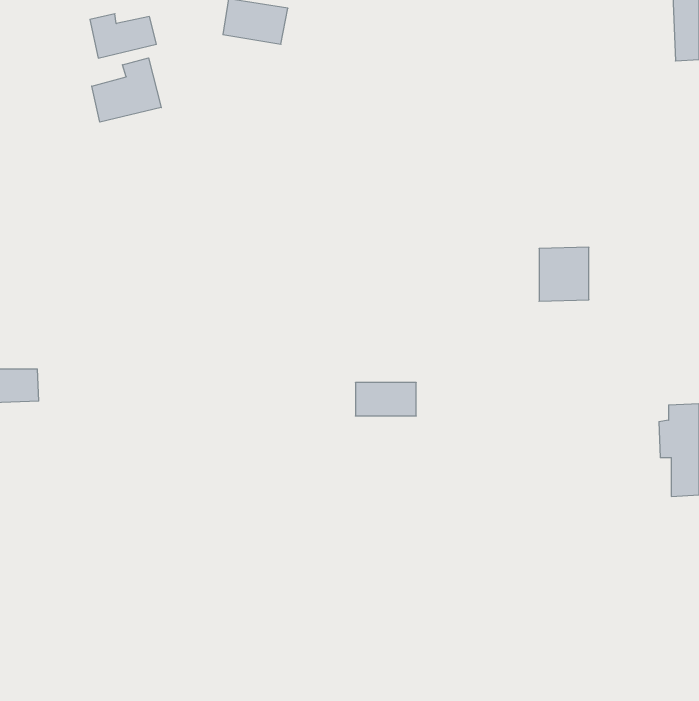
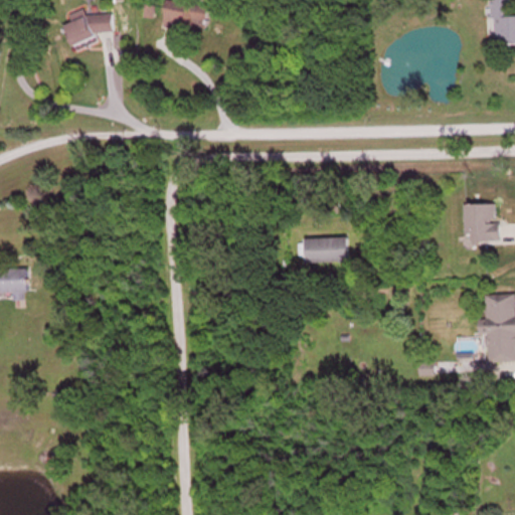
building: [92,58,161,122] -> none
building: [539,247,589,301] -> [463,203,499,242]
building: [355,383,416,416] -> [303,237,347,262]

